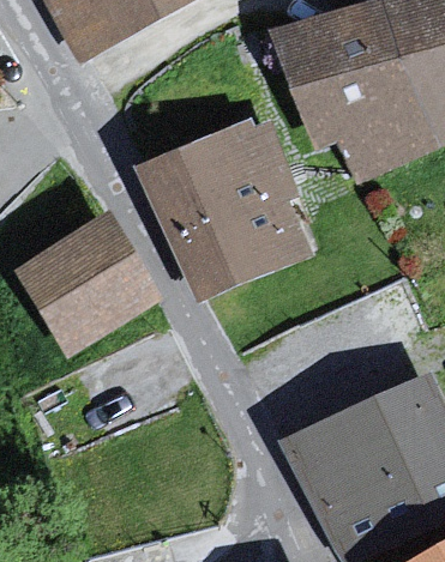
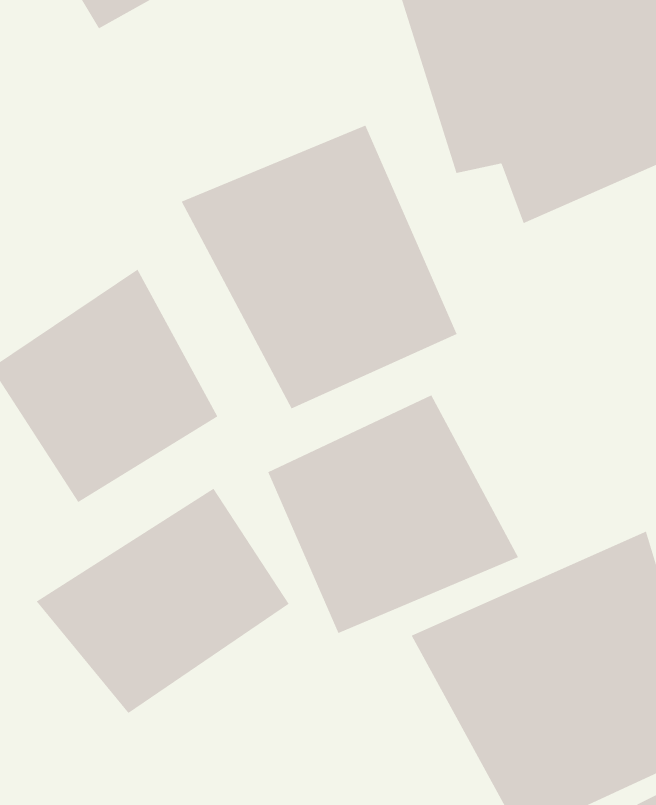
building: none -> [267,394,519,634]
building: none -> [36,488,289,714]

